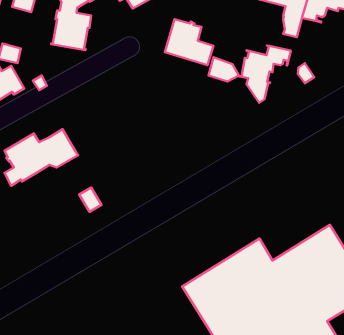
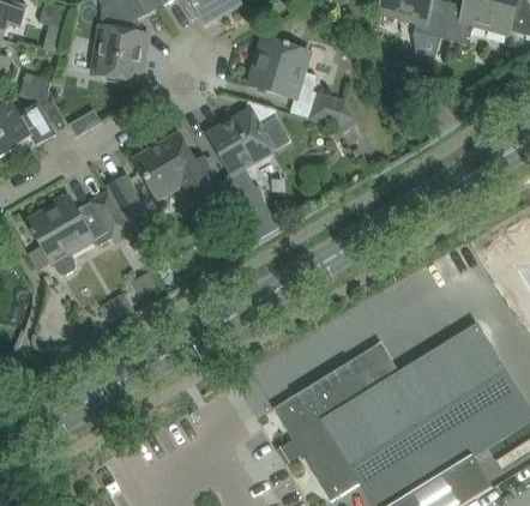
building: [238,45,291,103] -> none
building: none -> [209,109,285,173]
building: none -> [134,135,219,198]
building: none -> [106,171,152,229]
building: none -> [223,181,278,241]

